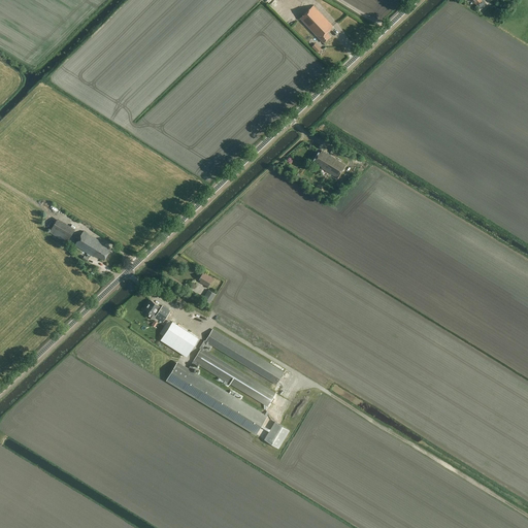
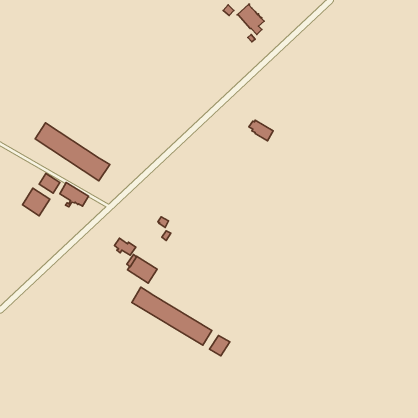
building: none -> [35,123,110,181]
building: none -> [22,188,50,216]
building: [189,329,284,406] -> none

